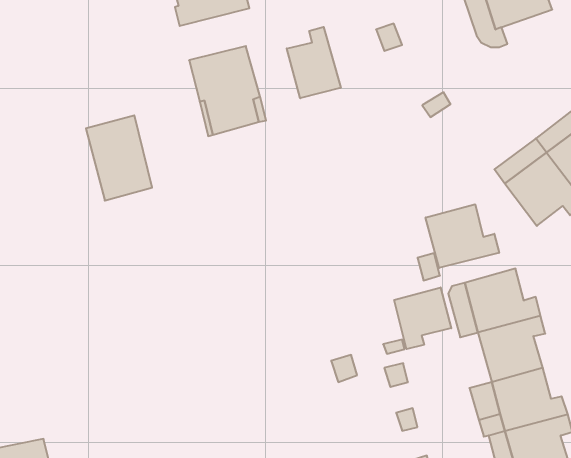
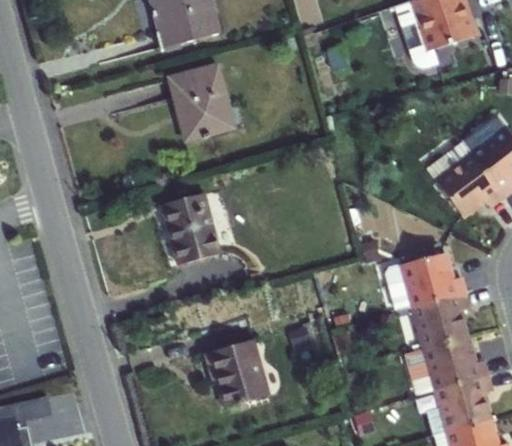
building: [287,27,341,98] -> none
building: [86,115,152,201] -> [163,192,219,264]
building: [426,204,499,268] -> none
building: [394,287,451,349] -> none
building: none -> [204,339,269,407]

